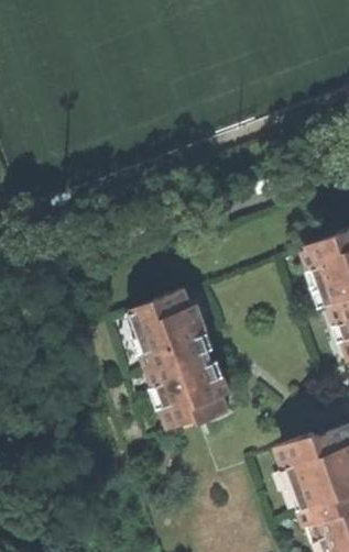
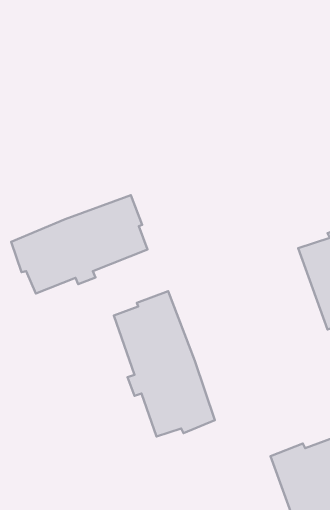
building: none -> [11,195,147,294]

